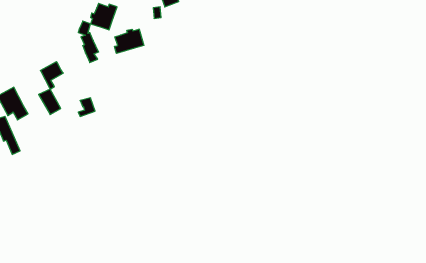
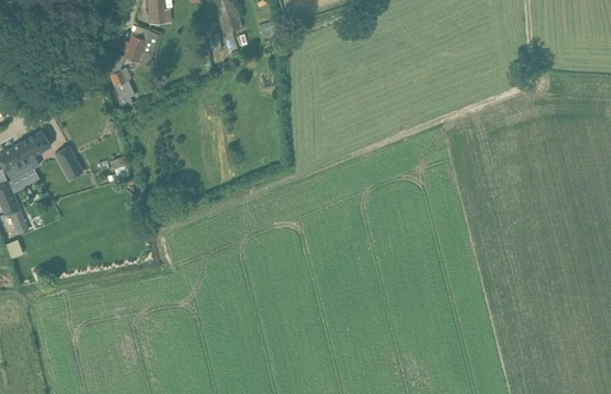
building: [115,29,144,53] -> none
building: [40,62,63,89] -> [19,130,50,167]

